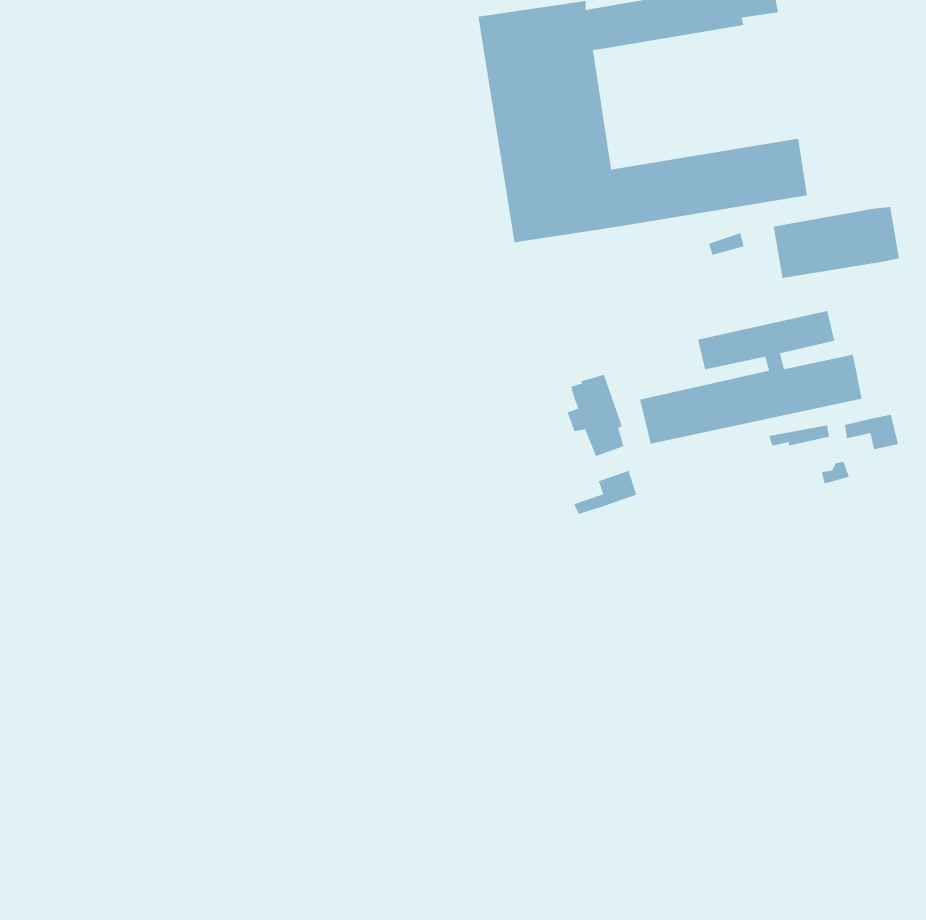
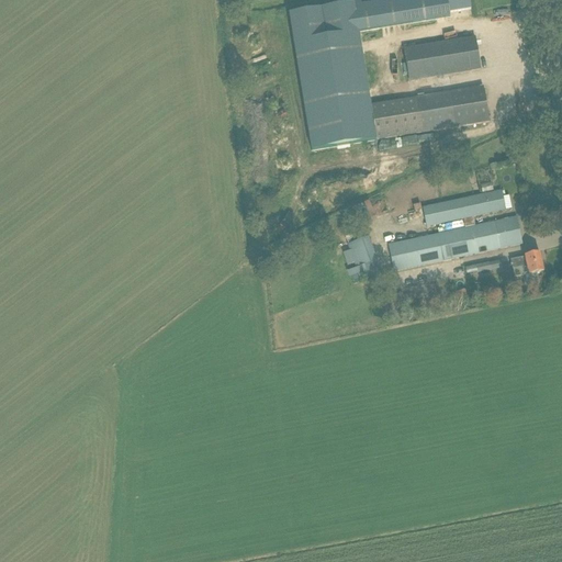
building: [773,206,900,279] -> [404,34,481,78]
building: [573,470,637,515] -> none

